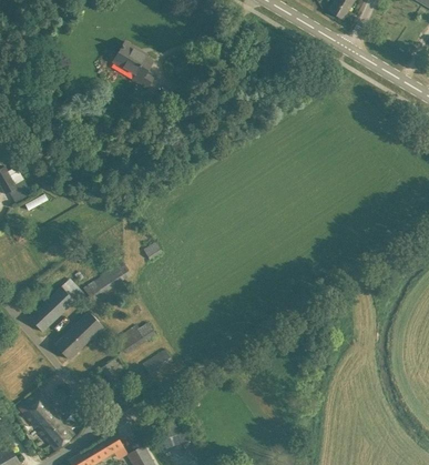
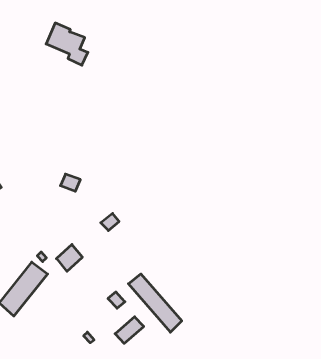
building: none -> [128,274,182,332]
building: [54,311,106,358] -> none

